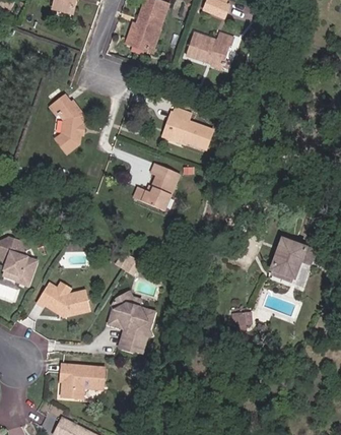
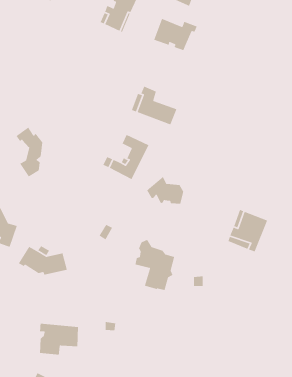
building: [52,95,82,150] -> [15,126,43,177]
building: none -> [146,176,184,205]
building: [105,299,149,356] -> [134,239,175,291]

